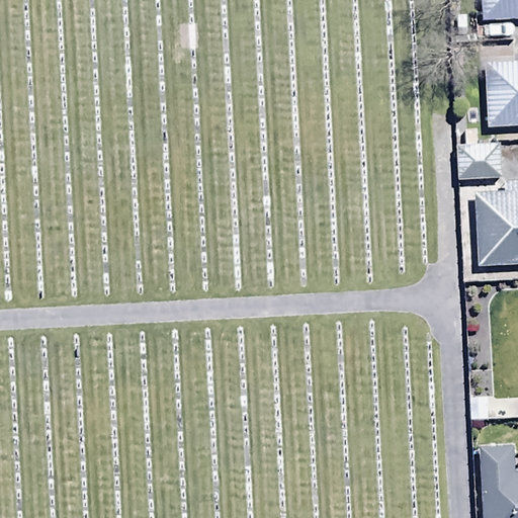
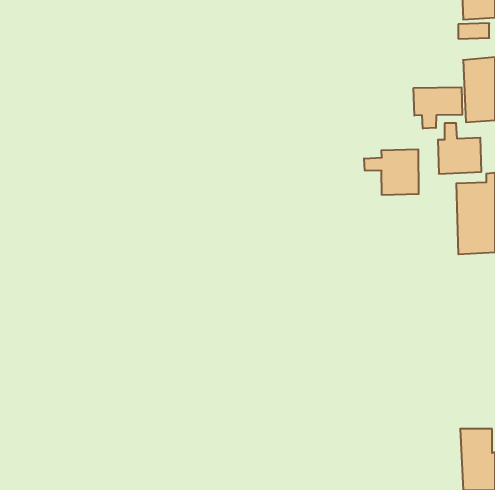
building: none -> [414,87,462,129]
building: none -> [364,149,419,195]

